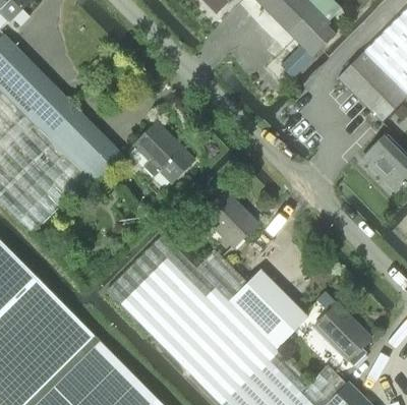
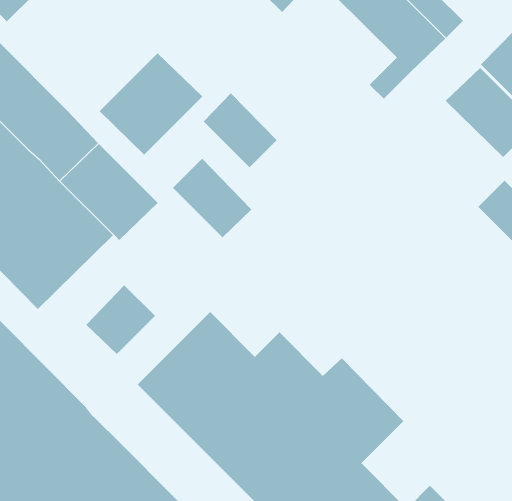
building: none -> [99,52,203,155]
building: none -> [203,92,278,168]
building: [199,190,256,247] -> none
building: none -> [85,284,156,355]
building: [312,303,369,361] -> none

